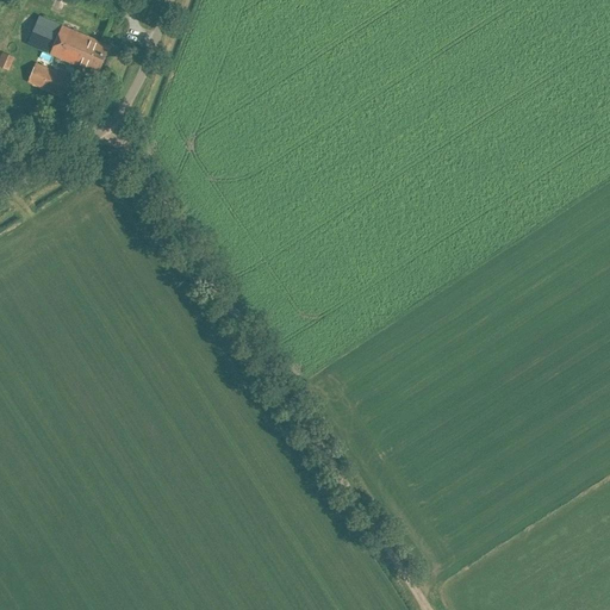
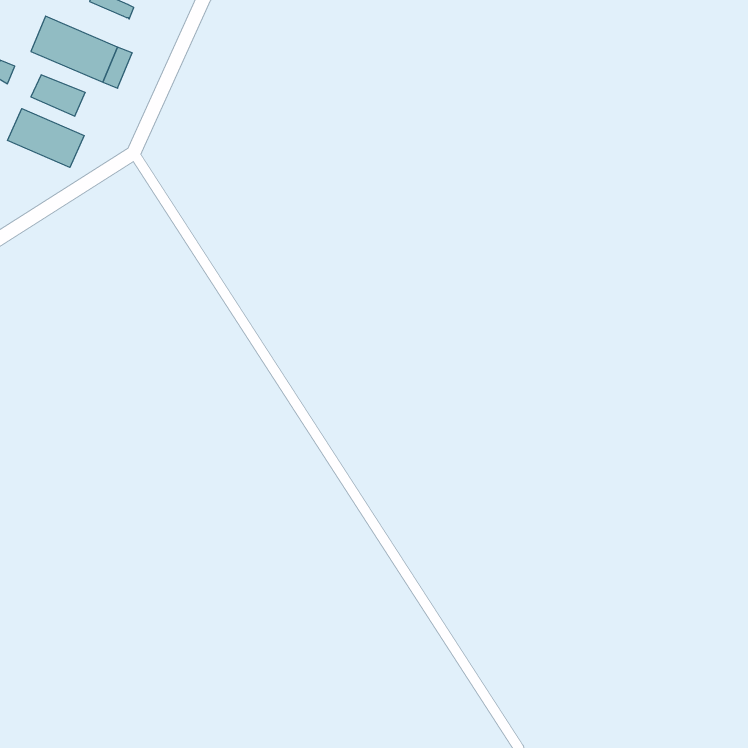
building: none -> [8,109,84,167]

